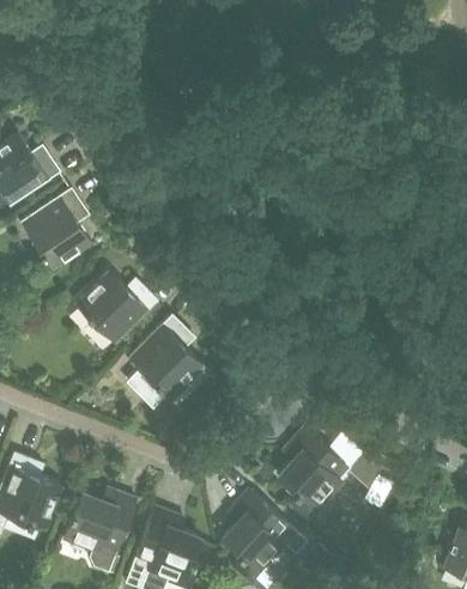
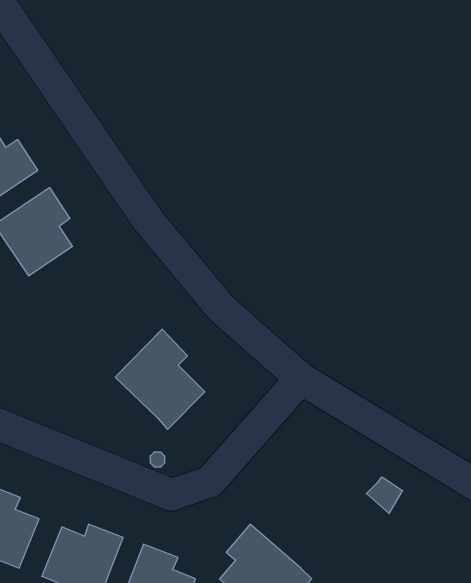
building: [75,272,157,345] -> none
building: [278,429,350,521] -> none

